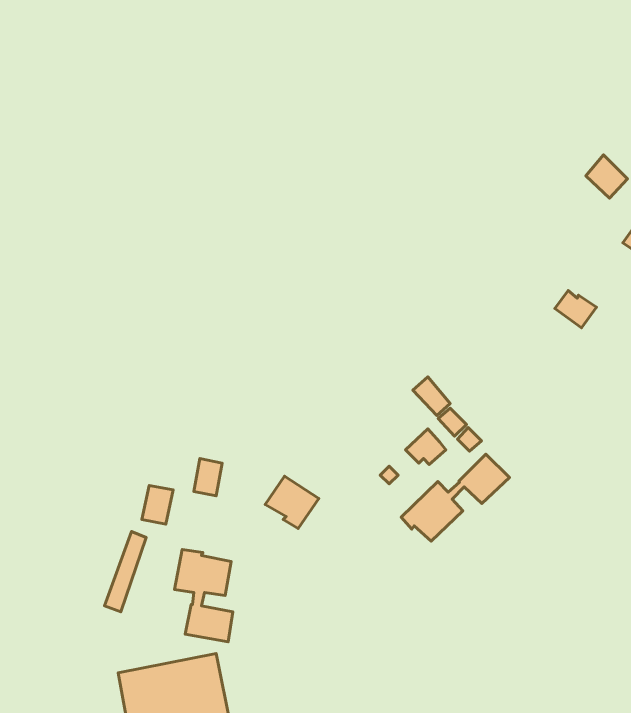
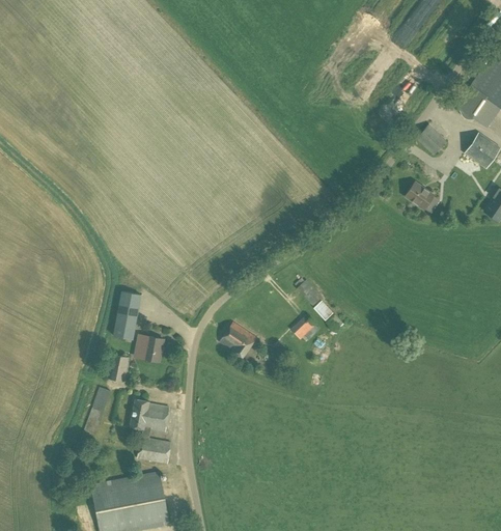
building: [555,291,597,328] -> [405,184,434,209]
building: none -> [113,291,141,340]
building: [401,454,509,541] -> none
building: [265,476,319,528] -> [219,323,256,359]

